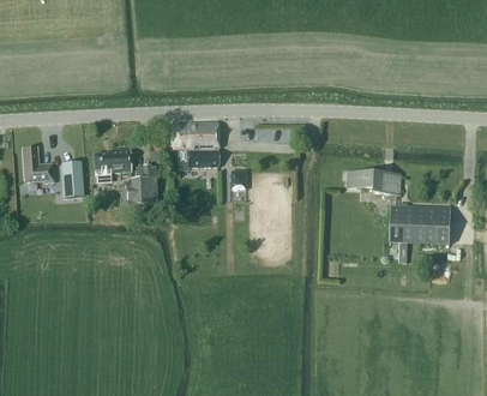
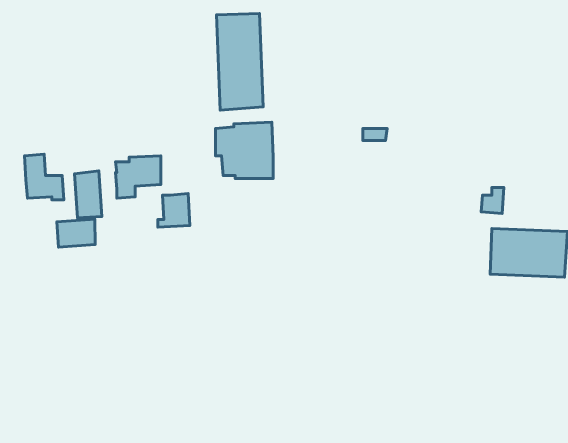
building: none -> [216,13,263,110]
building: [347,170,384,192] -> none
building: none -> [57,219,95,247]

